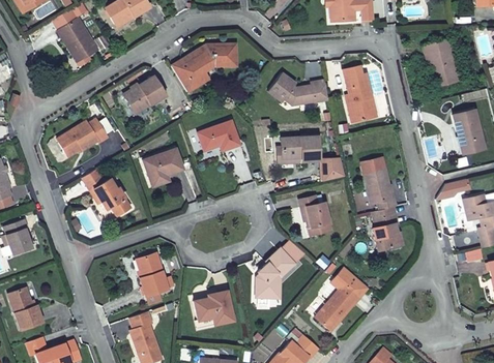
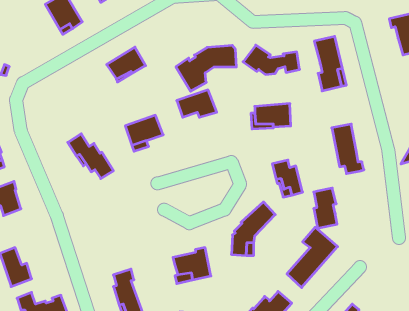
building: [172,42,236,91] -> [176,45,236,91]
building: [57,118,107,156] -> none
building: [322,155,345,181] -> none
building: [374,207,399,249] -> [314,188,337,228]
building: [137,252,167,295] -> none

